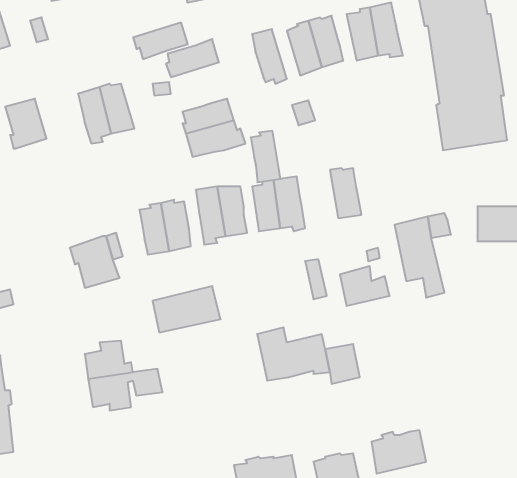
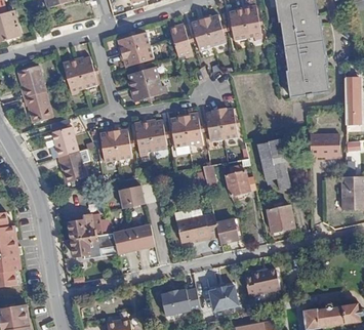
building: [133,23,188,59] -> [120,43,154,66]
building: [251,131,281,182] -> [205,110,224,141]
building: none -> [24,90,49,121]
building: none -> [52,127,78,158]
building: none -> [267,207,293,232]
building: none -> [113,222,156,254]

